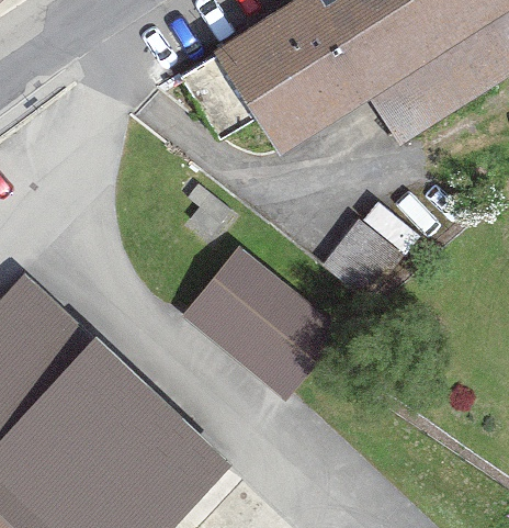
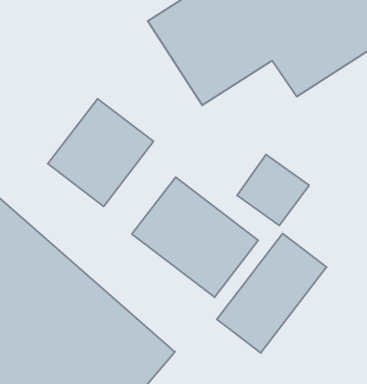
building: none -> [48,99,153,206]
building: none -> [217,234,327,353]

